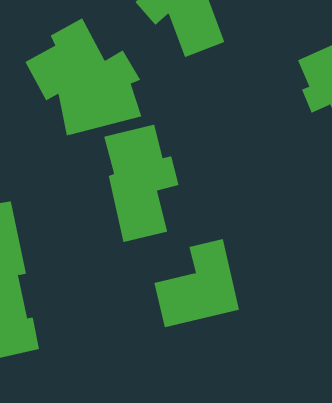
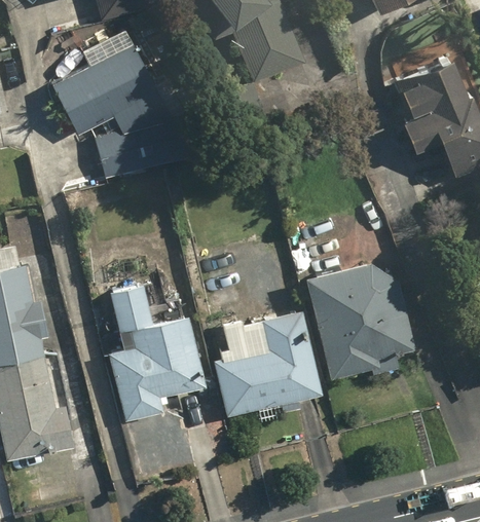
building: [104,124,179,243] -> none
building: none -> [305,259,423,382]
building: none -> [107,286,204,422]

